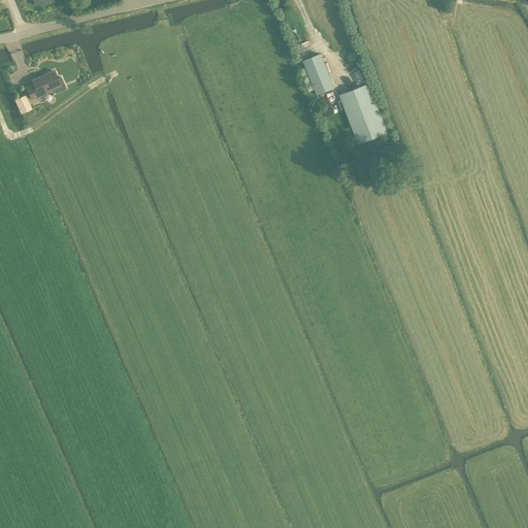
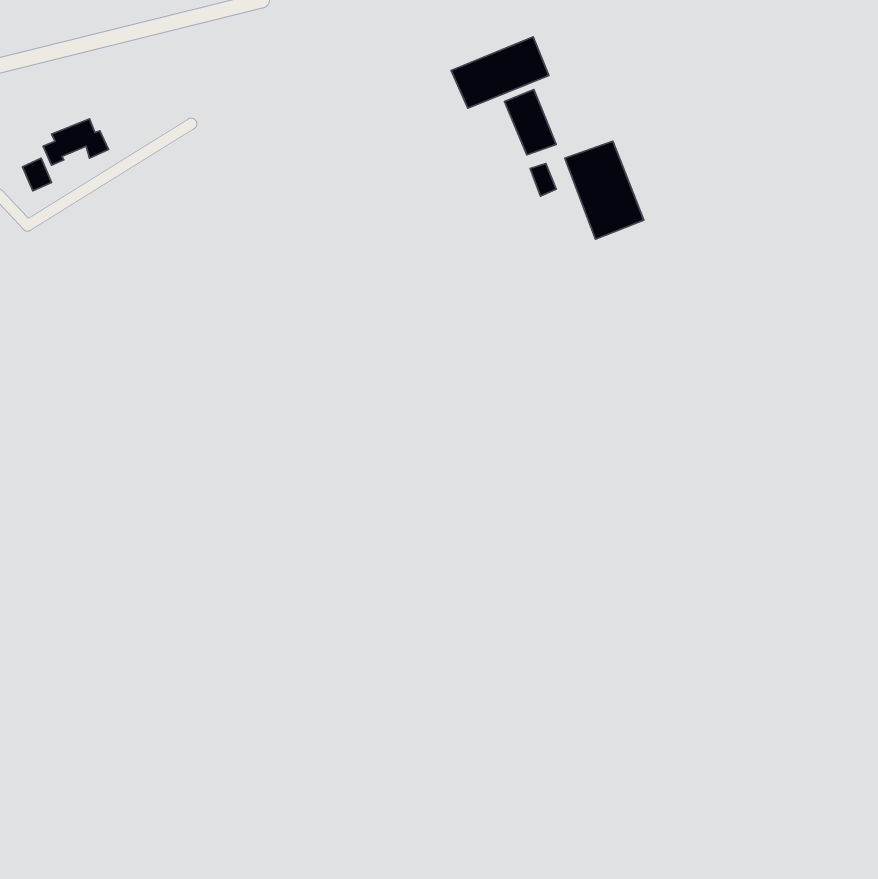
building: none -> [451,37,549,108]

